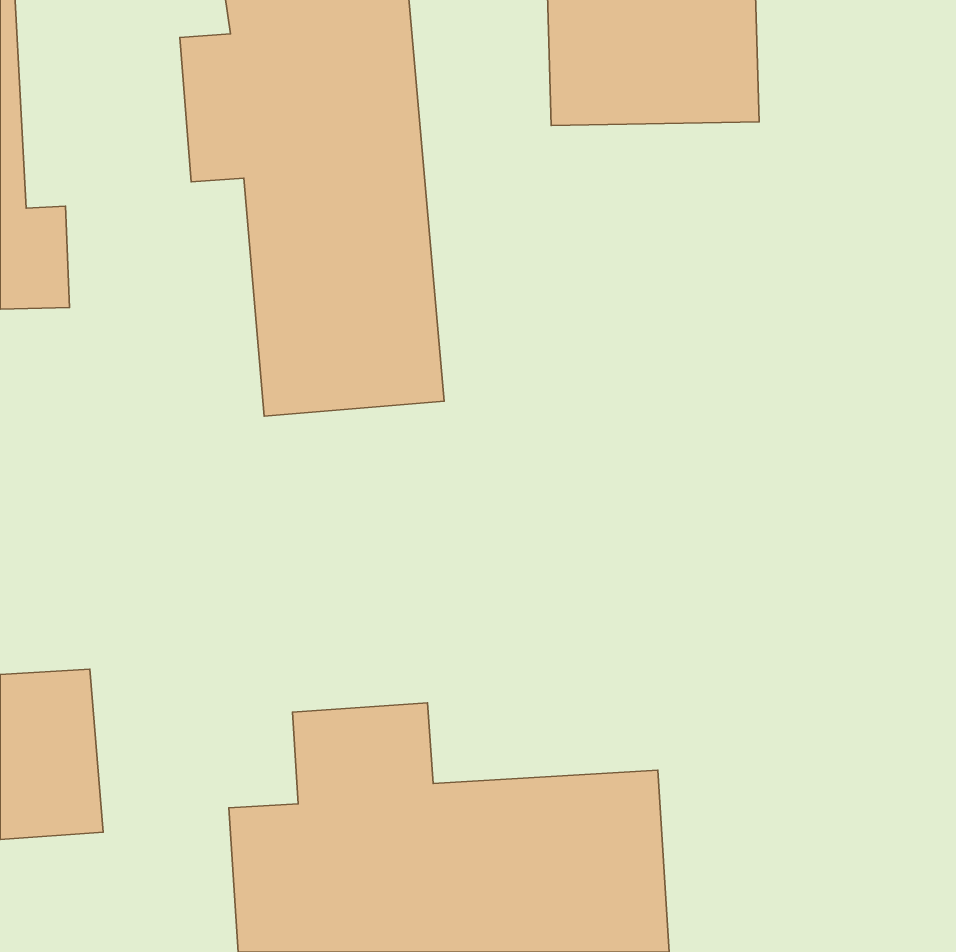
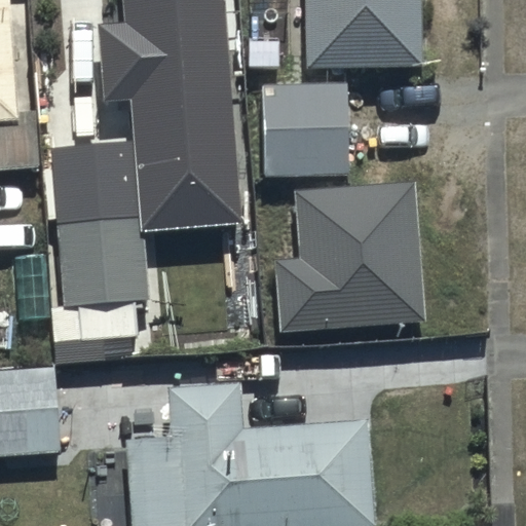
building: none -> [261,87,343,176]
building: none -> [52,142,147,309]
building: none -> [275,179,429,339]

